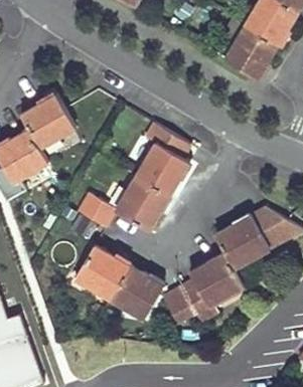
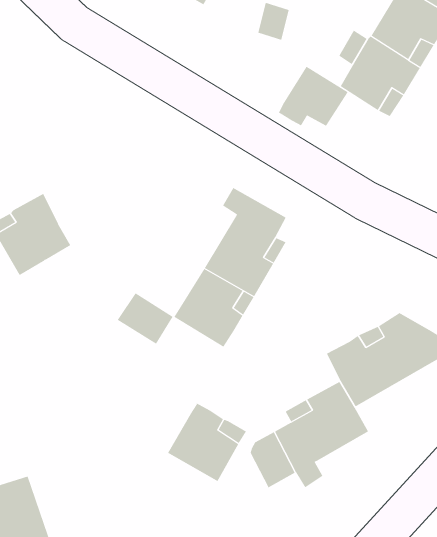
building: none -> [277,66,348,127]
building: [20,94,75,149] -> none
building: [74,245,130,300] -> none

